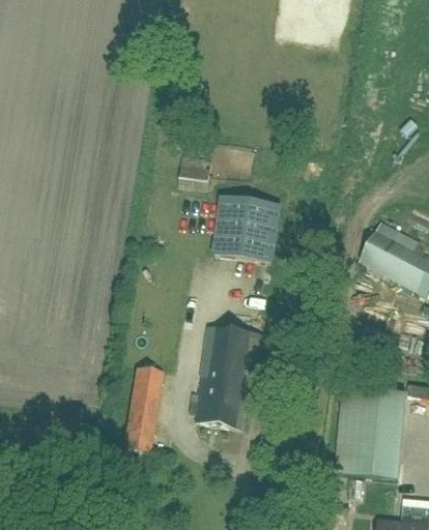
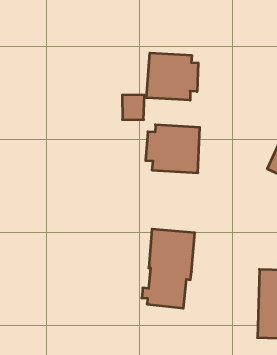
building: none -> [147,53,198,100]
building: [121,363,165,452] -> none

